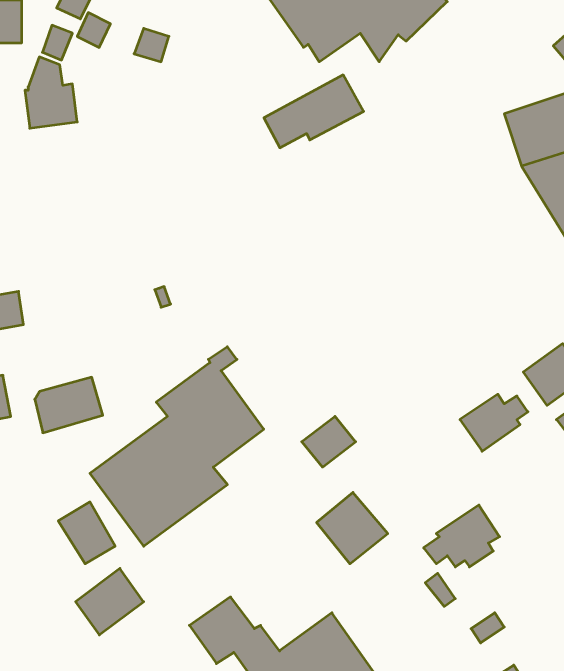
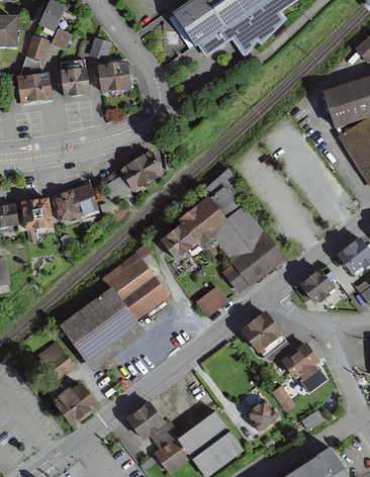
building: none -> [61,59,89,96]
building: none -> [99,64,130,92]
building: [264,75,364,148] -> [99,151,163,197]
building: none -> [156,169,285,294]
building: none -> [22,199,51,228]
building: [35,377,103,433] -> [53,186,96,221]
building: [317,492,388,564] -> [241,312,286,358]
building: none -> [248,398,279,431]

